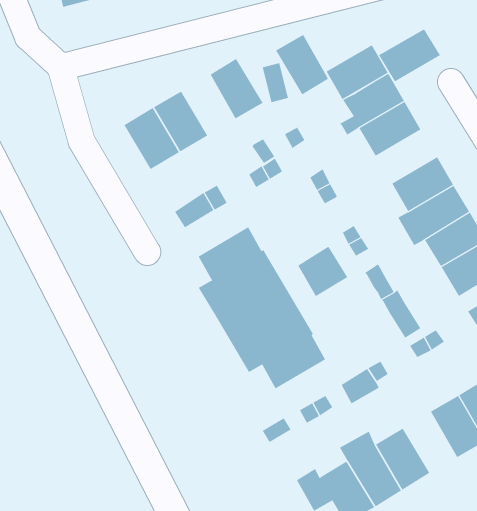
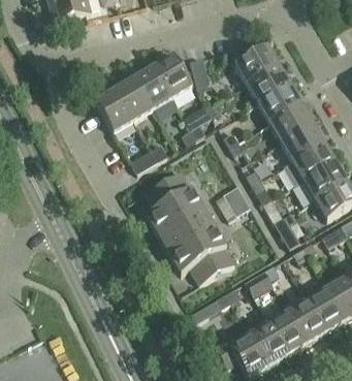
building: [378,28,441,82] -> [268,104,312,141]
building: [275,34,329,95] -> [134,66,171,108]
building: none -> [288,299,325,342]

